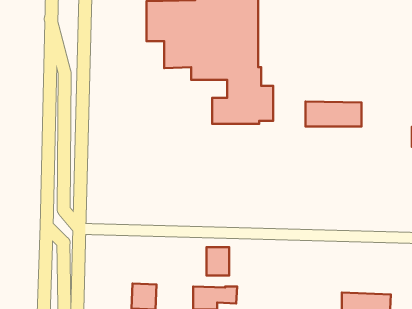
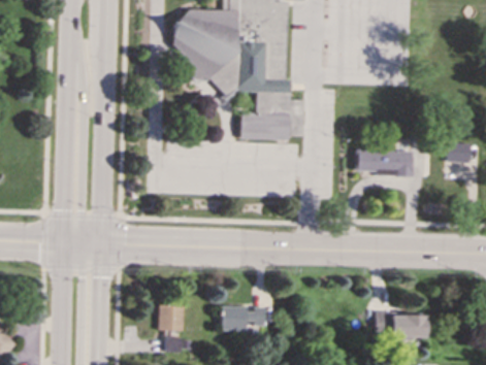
building: [305,101,361,126] -> [355,148,413,174]
building: [207,247,229,276] -> none

